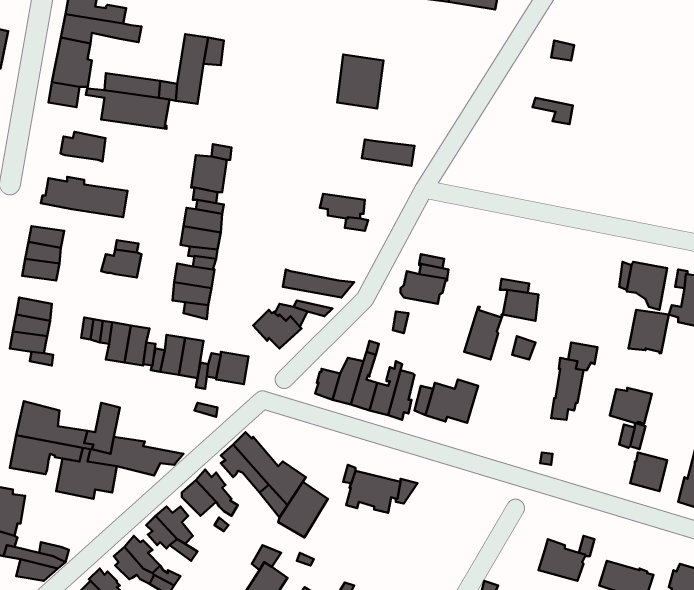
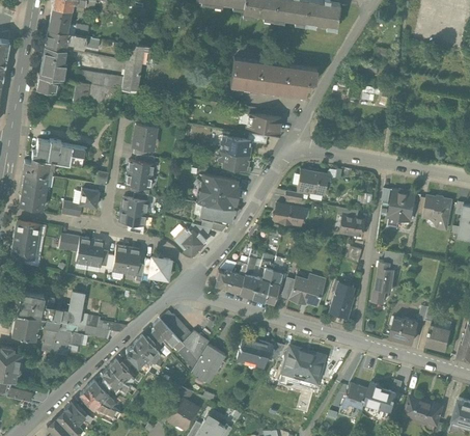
building: none -> [257,62,317,101]
building: [61,132,106,161] -> [23,158,53,178]
building: none -> [221,137,251,156]
building: none -> [297,170,327,195]
building: none -> [199,175,238,210]
building: [464,307,503,359] -> [329,282,355,318]
building: [629,310,669,353] -> [389,191,416,220]
building: [610,388,652,423] -> [391,318,419,342]
building: none -> [280,345,327,391]
building: none -> [342,384,369,409]

